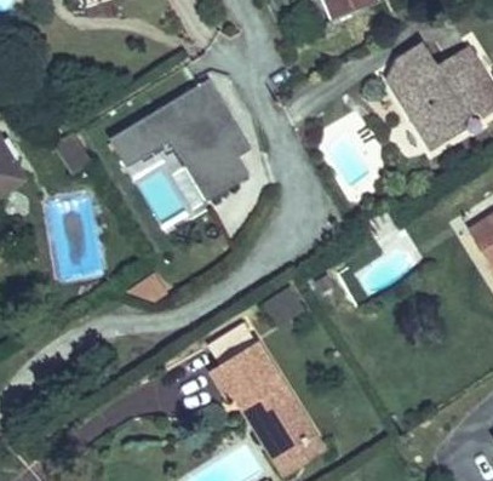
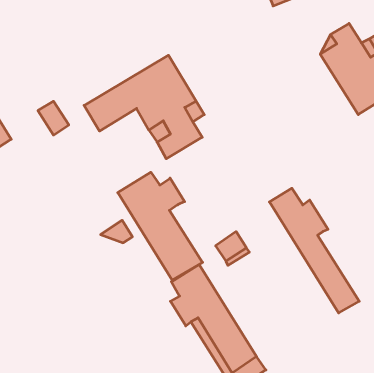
building: none -> [118,172,203,280]
building: none -> [269,188,359,313]

